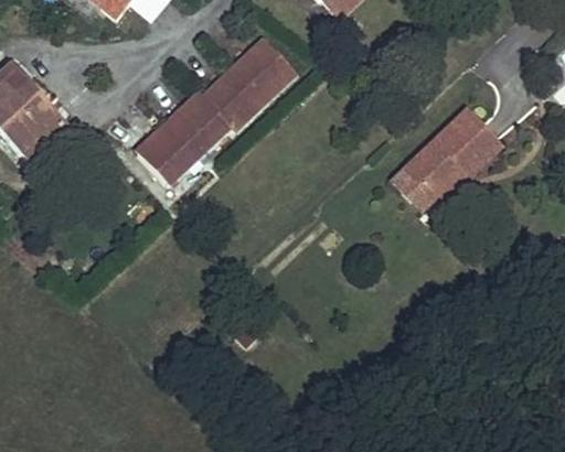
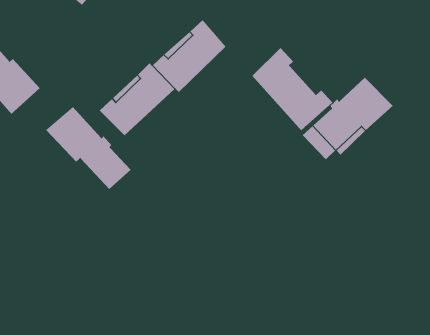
building: none -> [251,47,333,131]
building: none -> [45,106,131,190]

